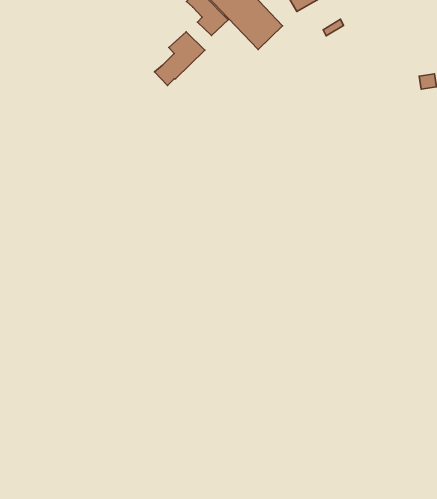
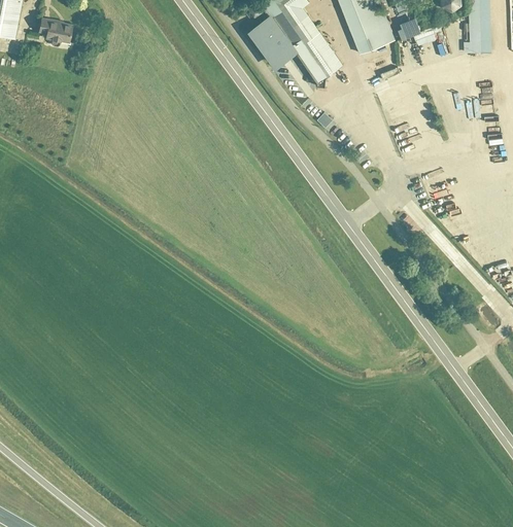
building: [155,32,205,86] -> none

